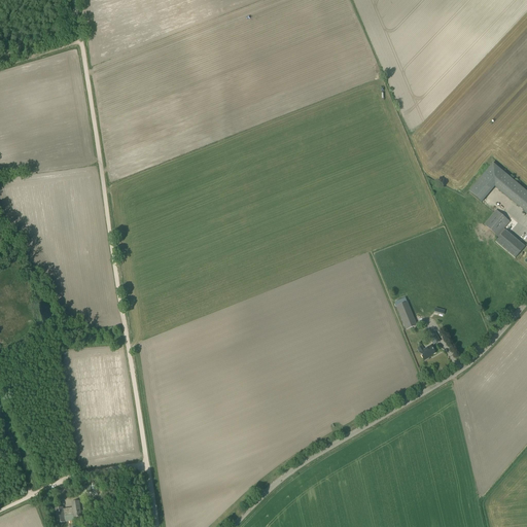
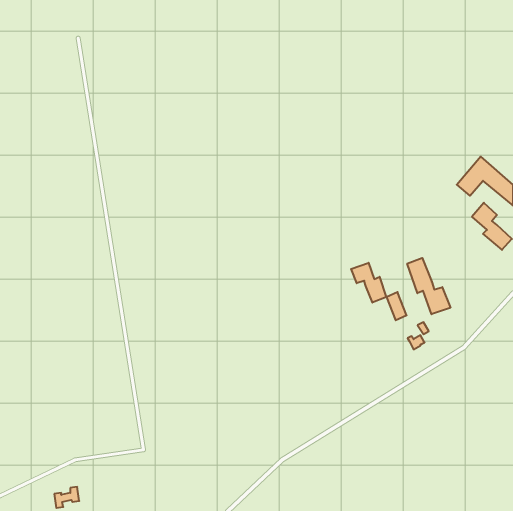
building: none -> [407,258,450,314]
building: none -> [351,263,386,303]

